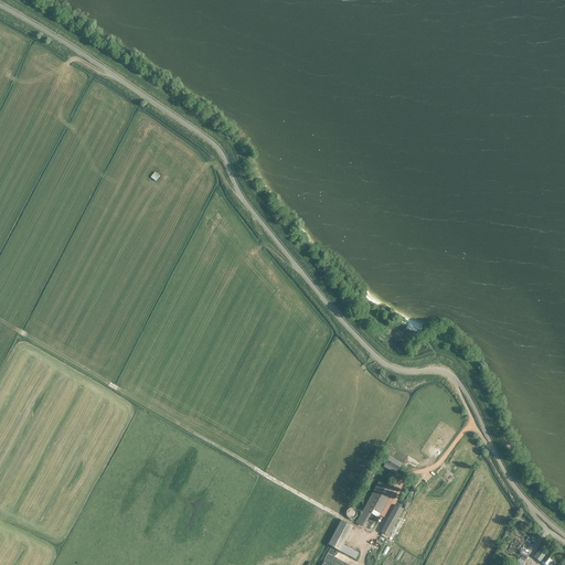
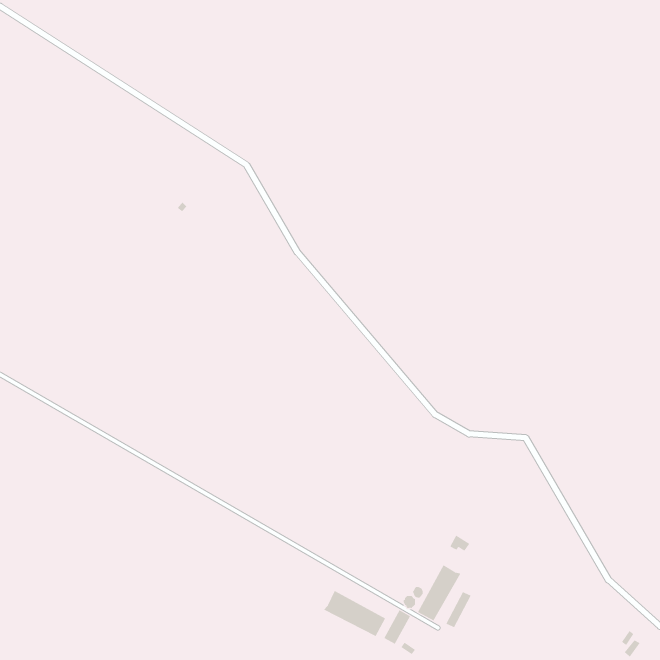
building: none -> [323,590,386,637]

